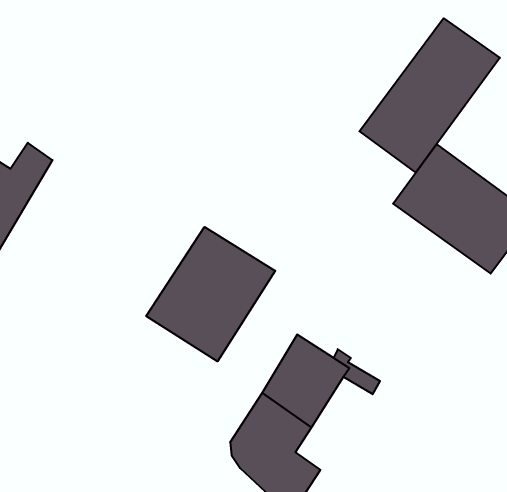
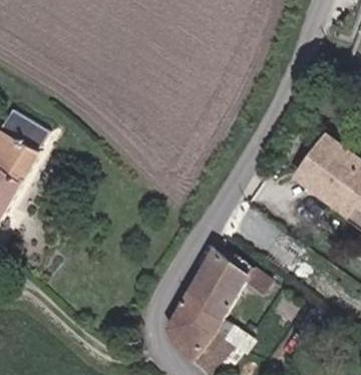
building: [359,18,500,173] -> none
building: [146,227,275,361] -> none

